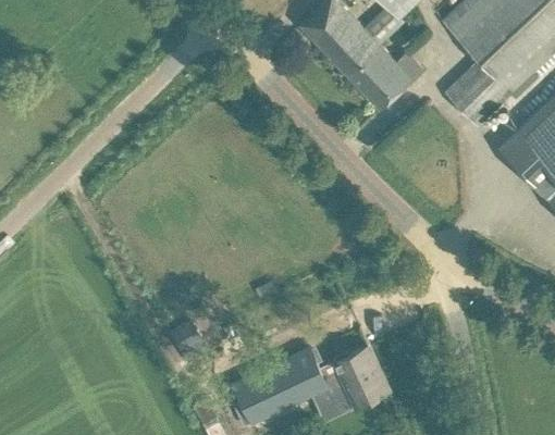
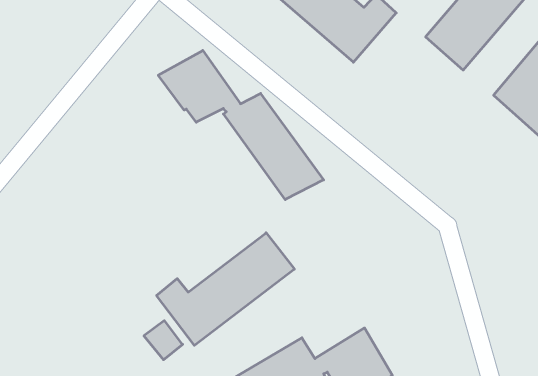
building: none -> [158,50,324,200]
building: none -> [157,233,294,345]

